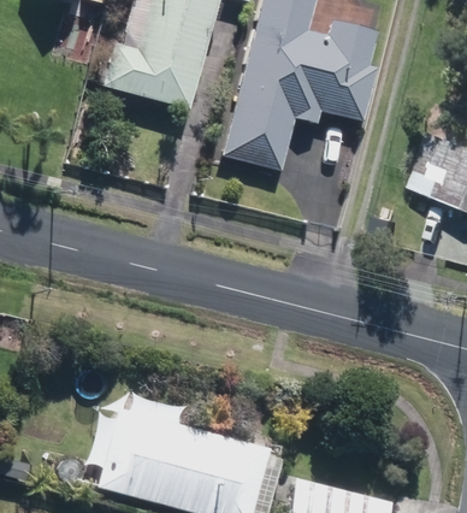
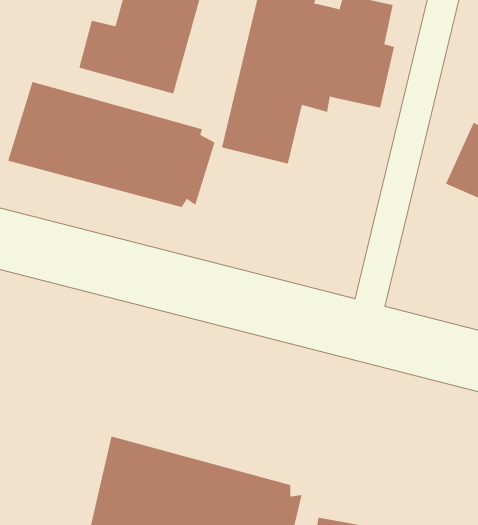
building: none -> [7,81,215,208]

